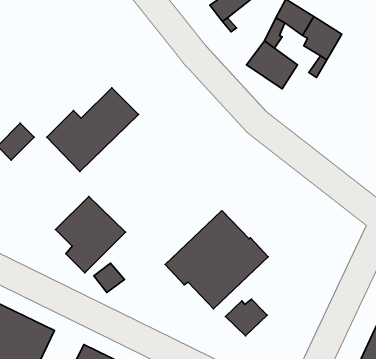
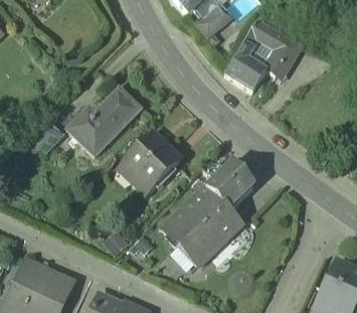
building: none -> [206,163,253,209]
building: [56,197,126,273] -> [125,134,180,194]
building: [226,299,267,336] -> none

